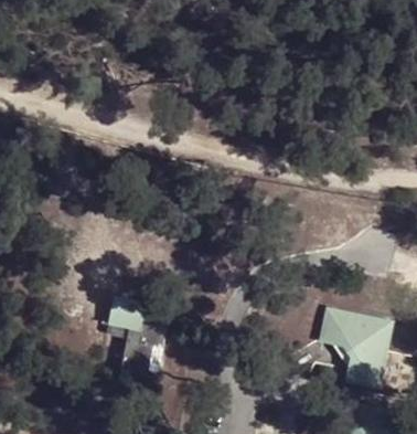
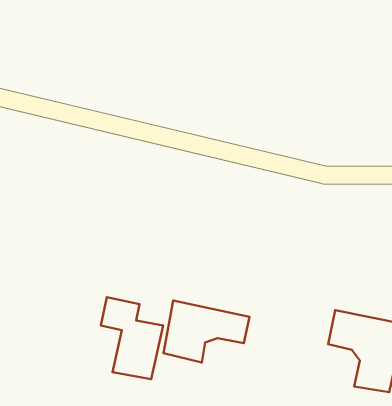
building: none -> [163,301,249,362]

